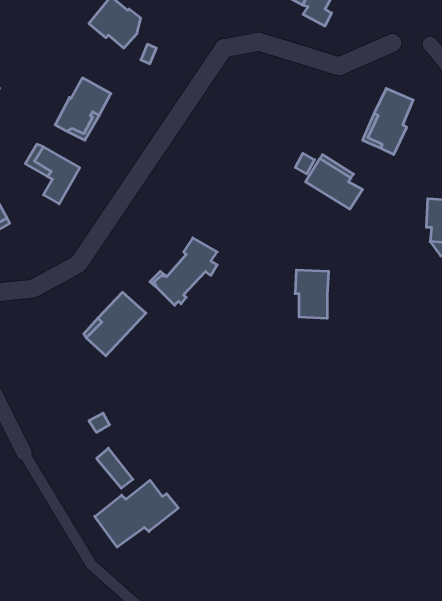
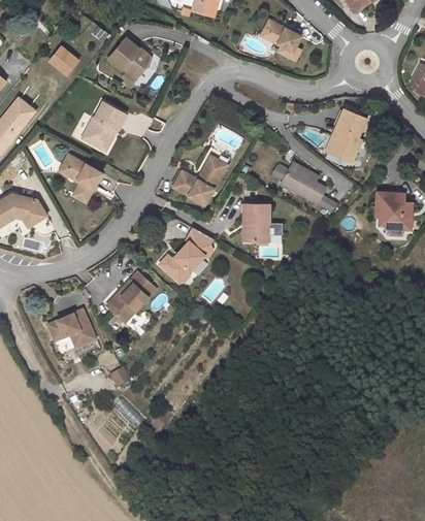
building: none -> [48,43,81,75]
building: none -> [172,155,226,204]
building: [295,270,329,318] -> [242,203,269,241]
building: none -> [45,306,93,345]
building: [95,480,178,547] -> none

